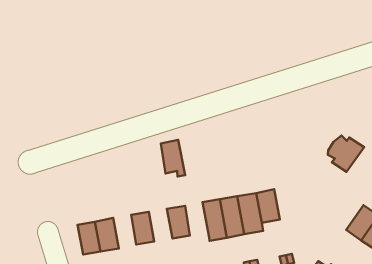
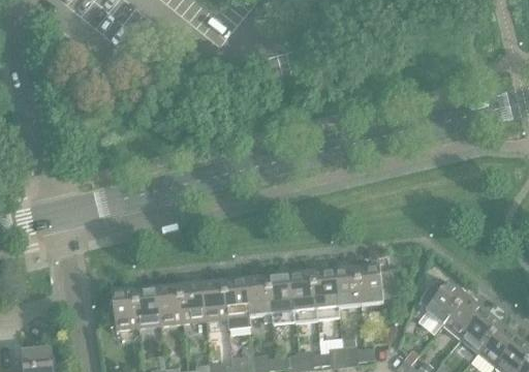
building: [328,135,364,172] -> [421,278,466,323]
building: [161,140,185,177] -> [246,276,273,321]
building: none -> [357,265,395,305]
building: none -> [200,281,227,320]
building: none -> [156,285,182,326]

